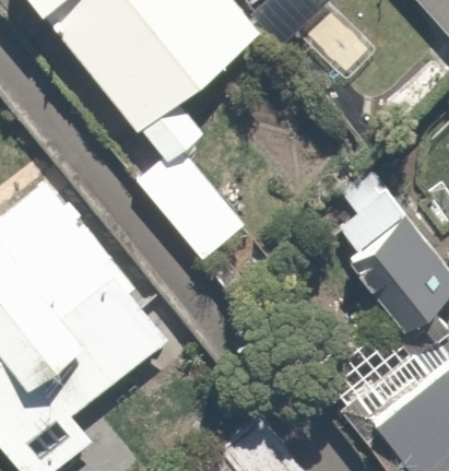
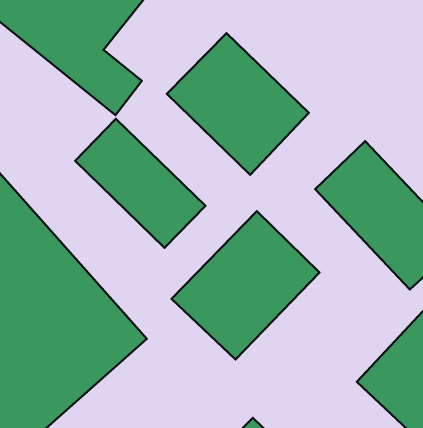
building: none -> [167,33,309,175]
building: none -> [172,211,320,359]

